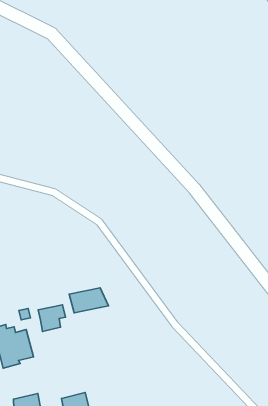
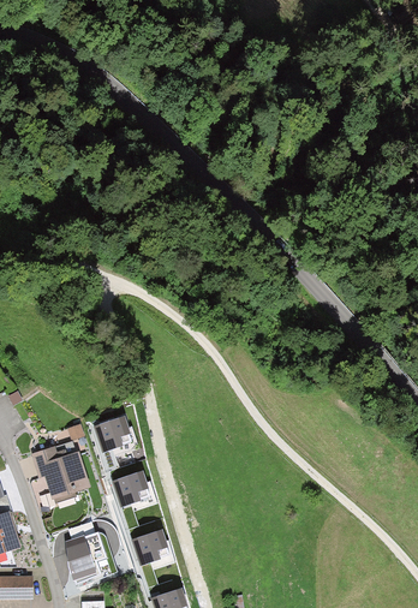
building: [69,288,108,313] -> none
building: none -> [113,471,149,506]

